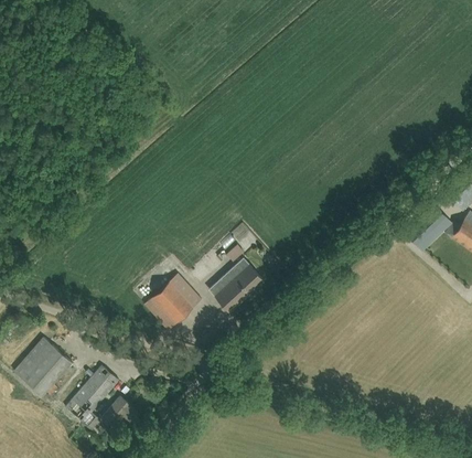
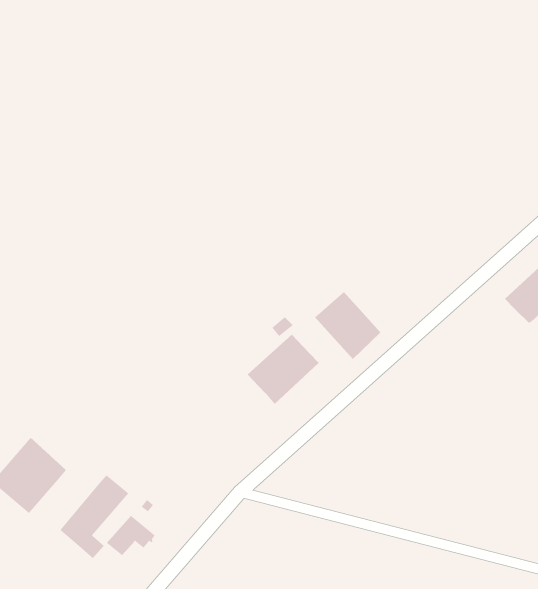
building: none -> [314,291,381,360]
building: [144,274,202,330] -> none

